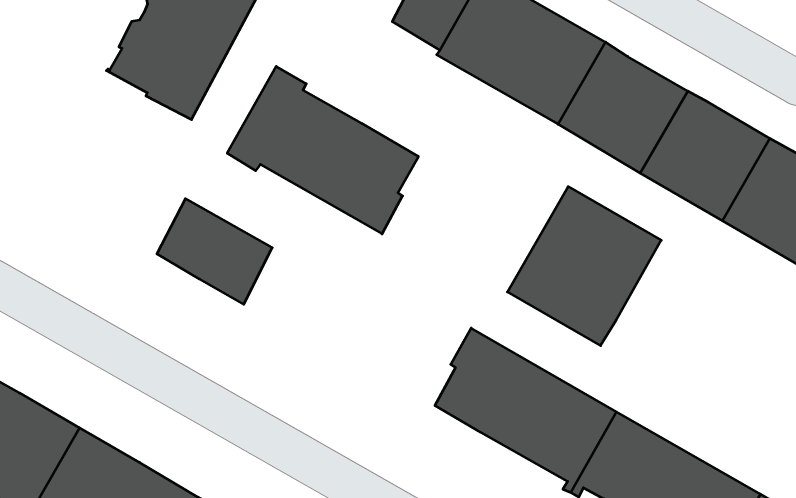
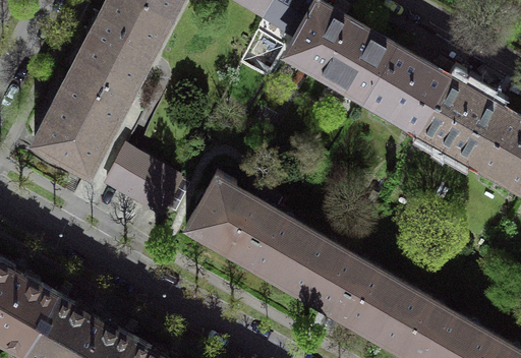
building: [227,66,418,234] -> [186,174,309,282]
building: none -> [35,66,129,175]
building: [507,187,661,346] -> none

